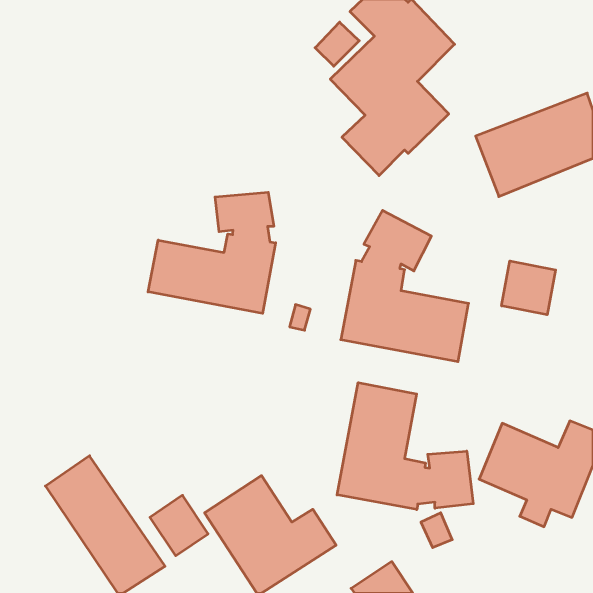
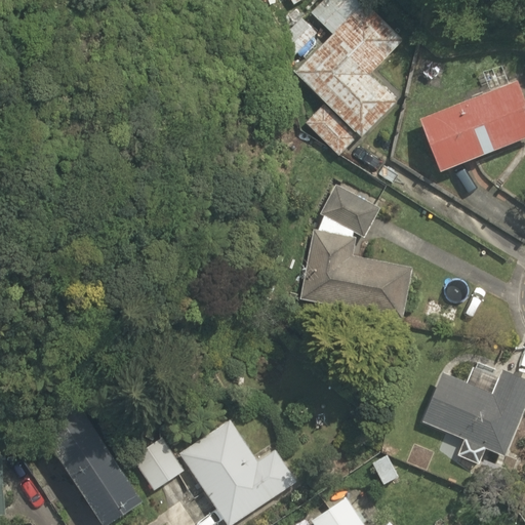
building: [148,192,276,313] -> none
building: [502,261,556,315] -> none
building: [337,383,473,510] -> none

